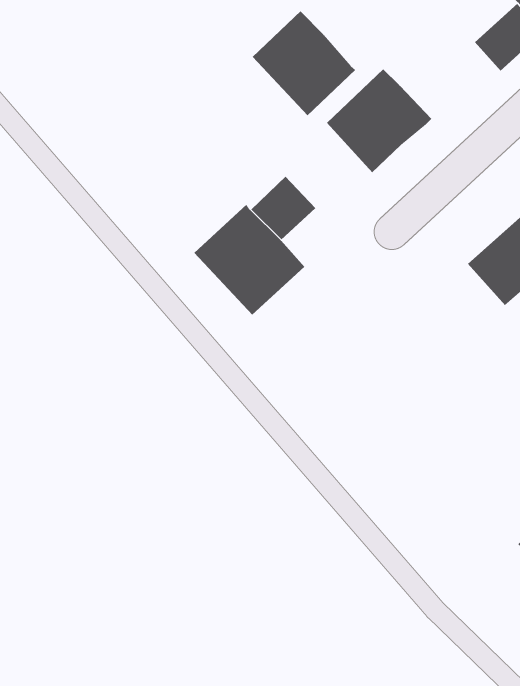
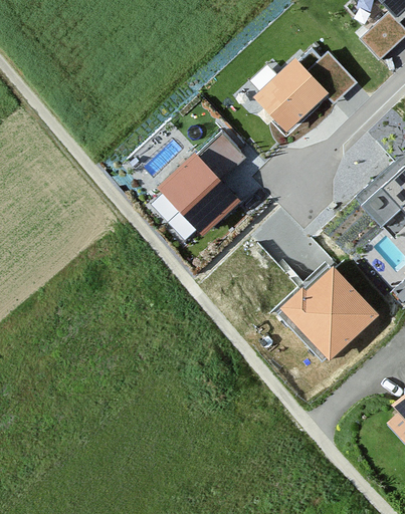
building: [252,11,356,116] -> none
building: none -> [307,48,361,106]
building: none -> [278,272,374,363]

